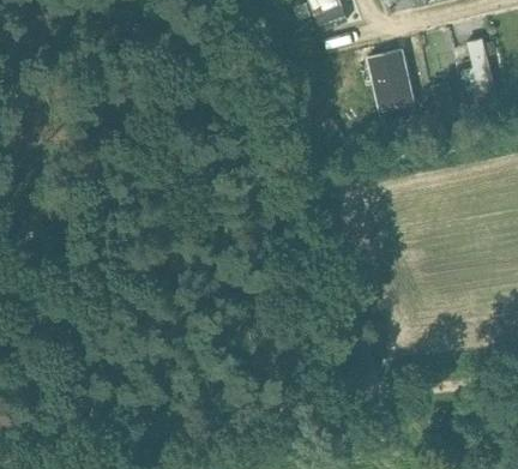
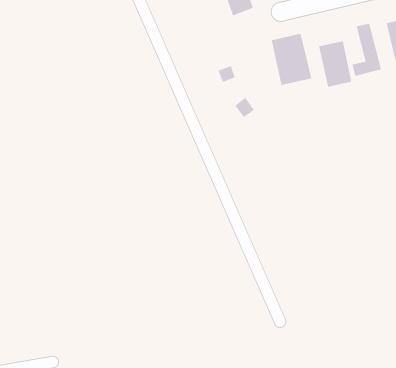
building: none -> [318,40,352,87]

